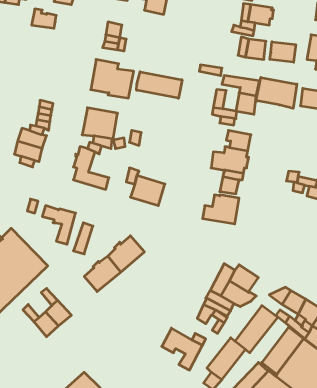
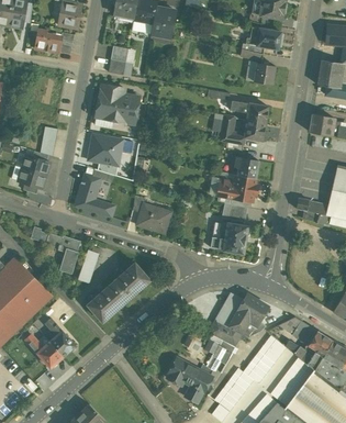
building: [270,42,296,62] -> none
building: [137,72,182,98] -> none
building: [256,77,297,108] -> none

